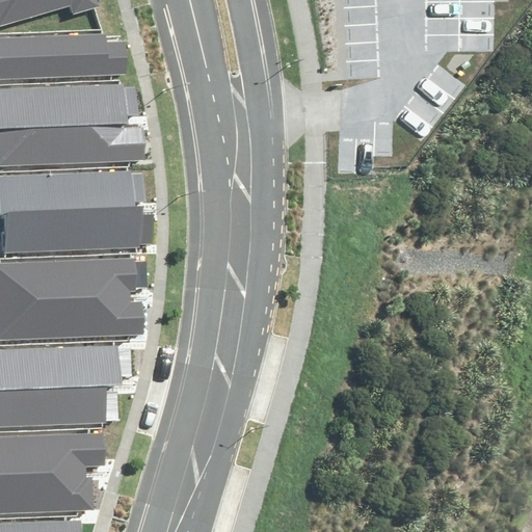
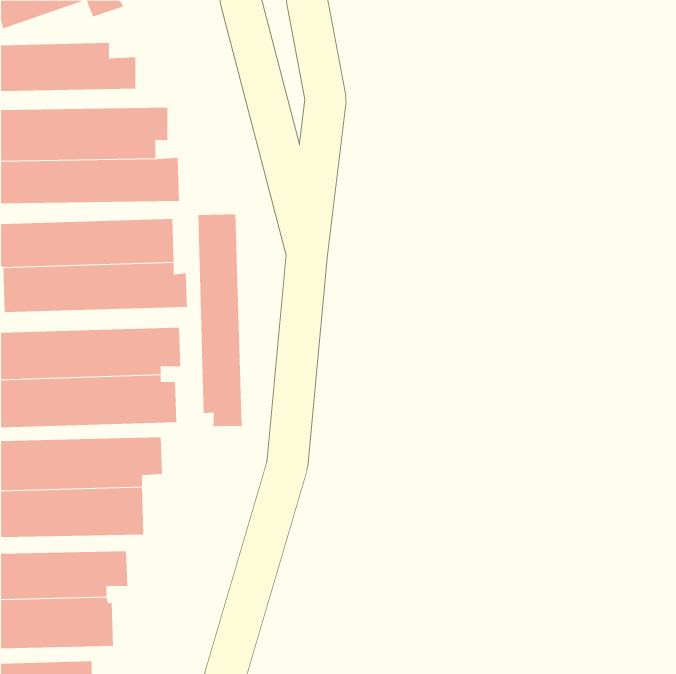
building: none -> [198,213,242,427]

